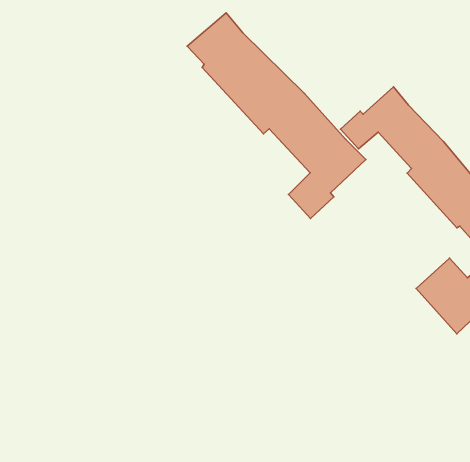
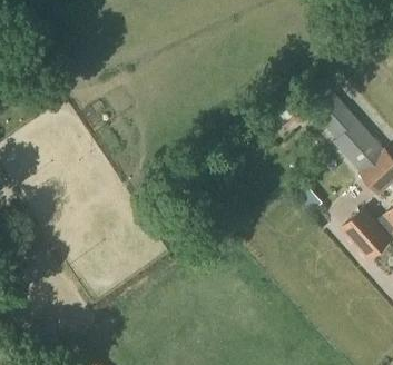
building: [187,13,366,219] -> none

